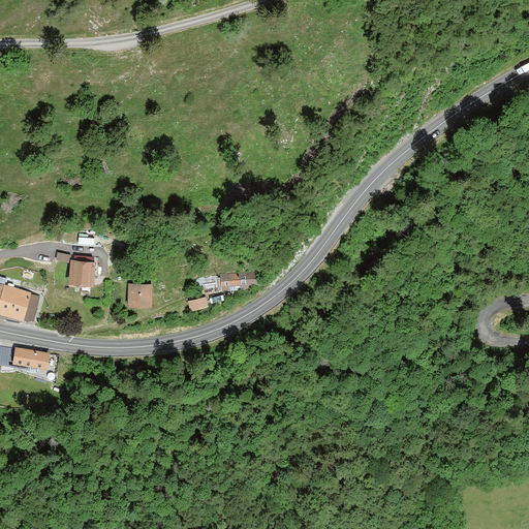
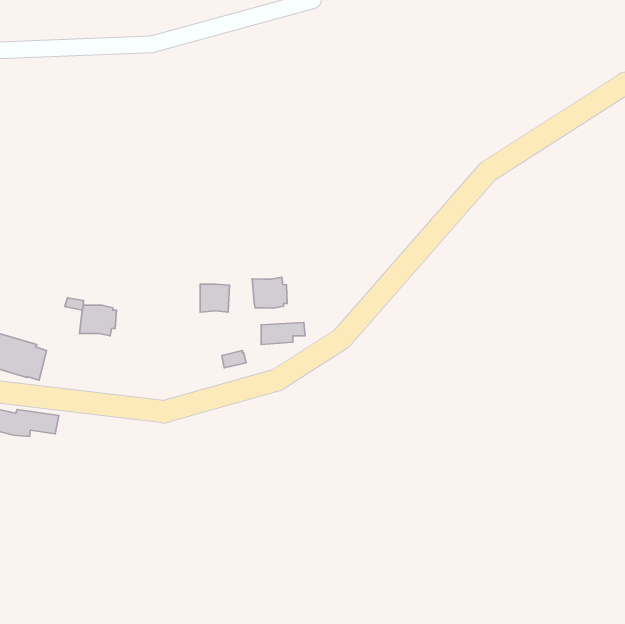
building: none -> [252,277,287,308]
building: [127,283,152,307] -> [200,284,229,312]

